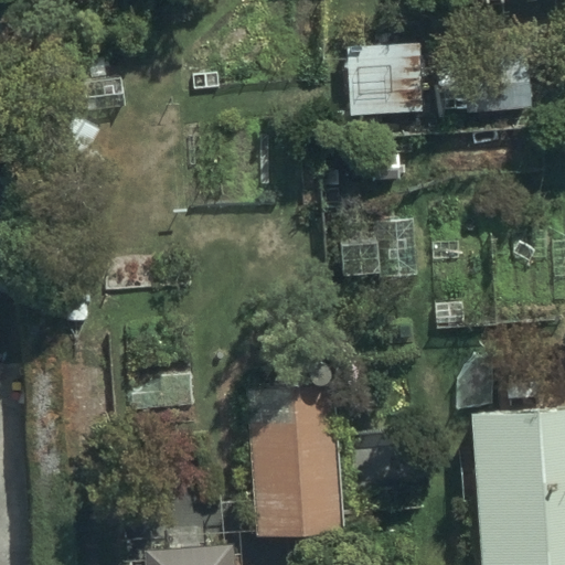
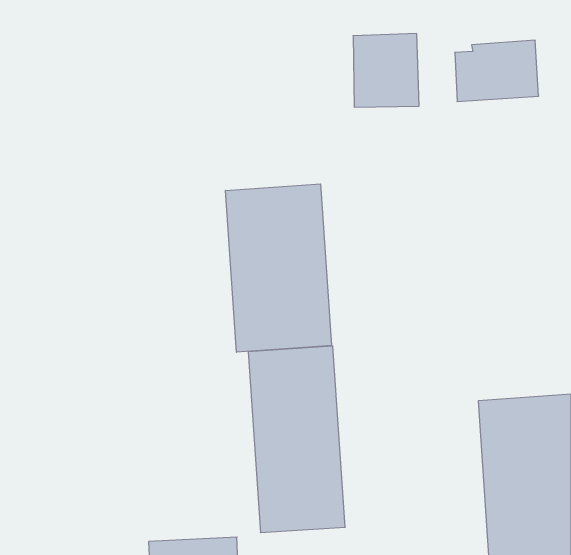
building: none -> [226,184,332,352]

